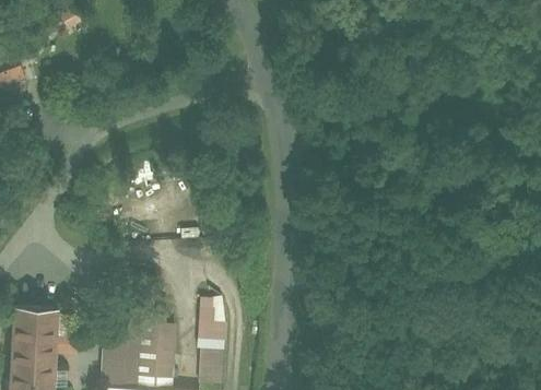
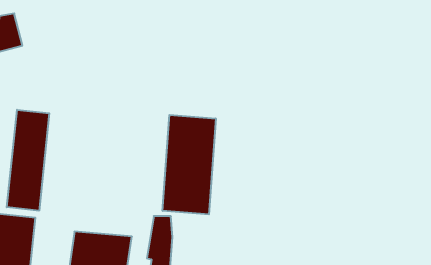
building: none -> [163,115,216,214]
building: none -> [7,110,49,211]

